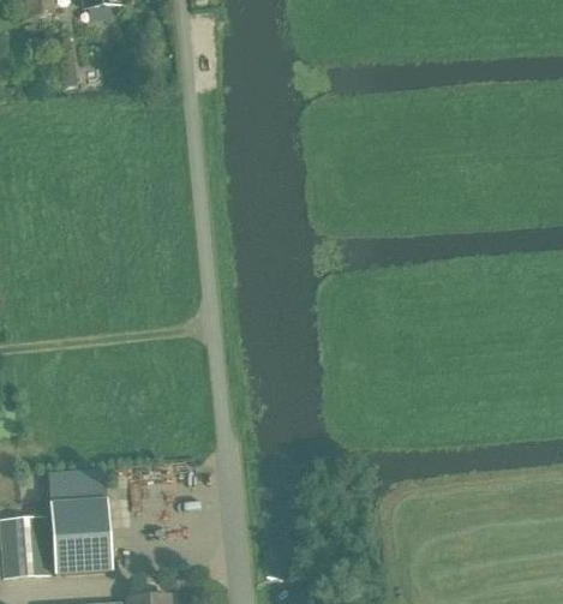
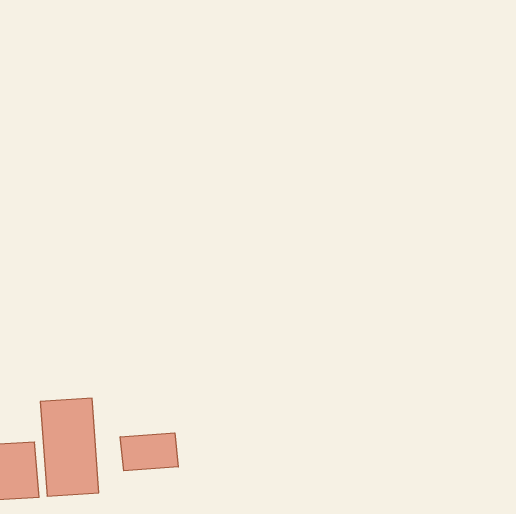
building: none -> [120,433,178,471]

